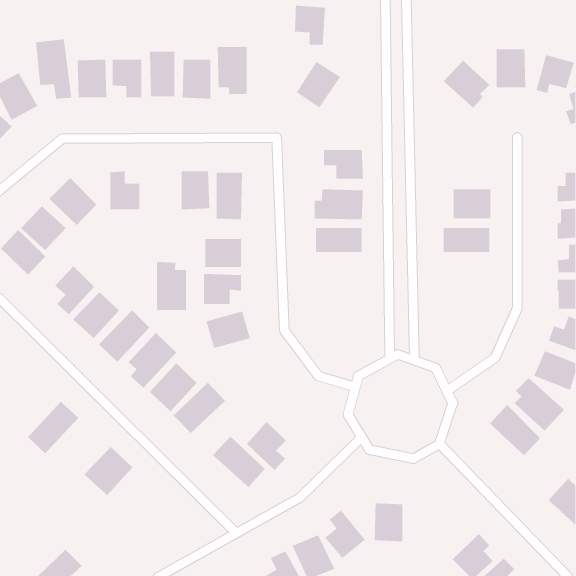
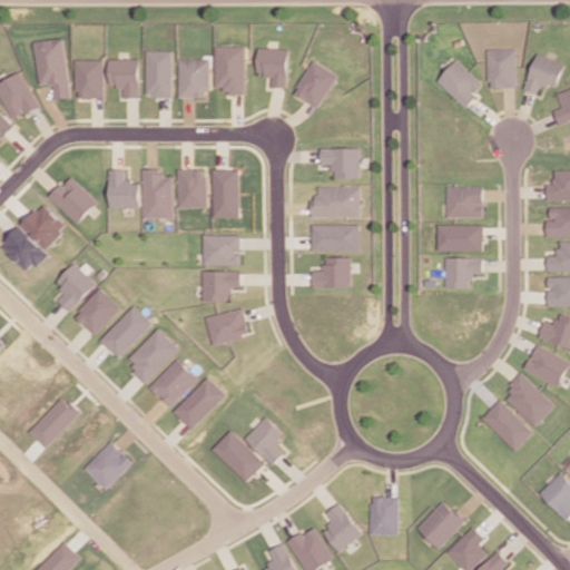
building: [294,5,326,46] -> [256,48,287,88]
building: none -> [309,257,348,287]
building: none -> [444,258,483,288]
building: [156,261,187,311] -> [142,169,173,218]
building: none -> [416,500,464,549]

